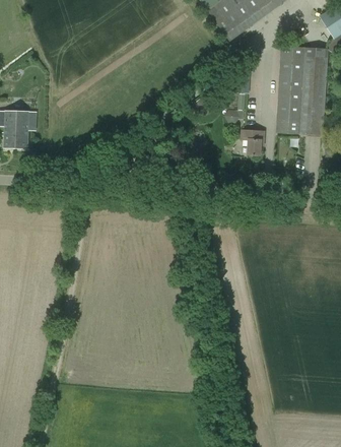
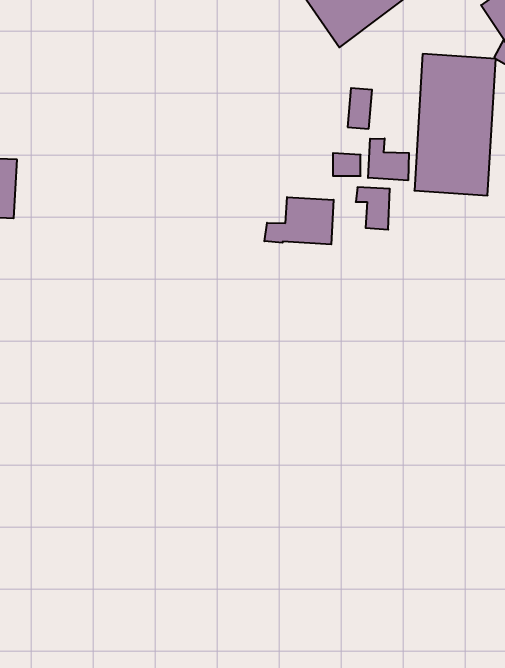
building: none -> [368,138,409,180]
building: none -> [264,197,334,244]

